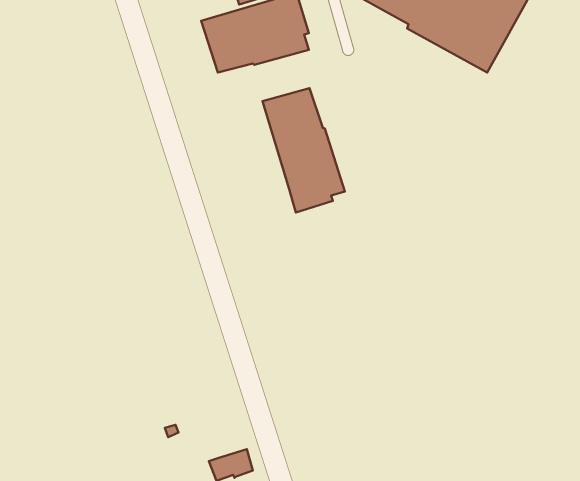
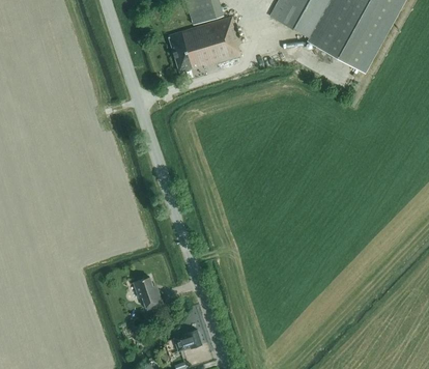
building: [262,88,345,212] -> none
building: none -> [134,277,164,310]

